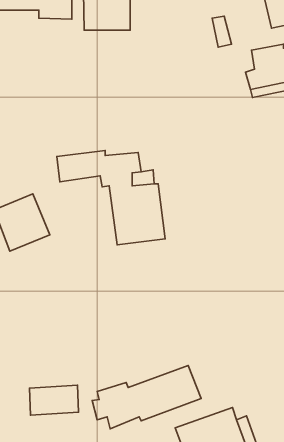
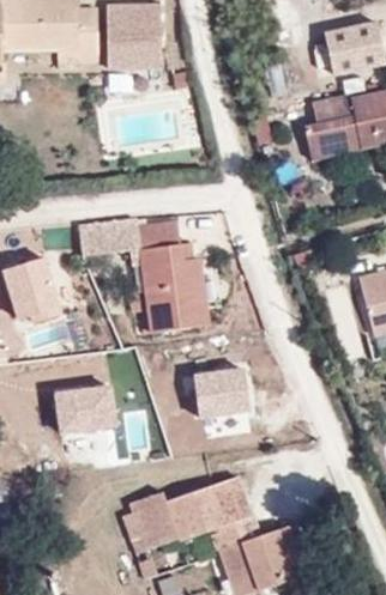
building: none -> [195,369,251,431]
building: [29,385,79,415] -> [56,401,115,437]

